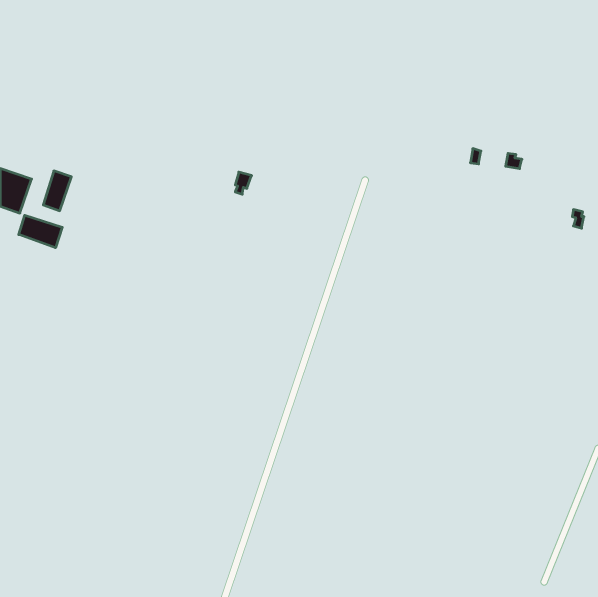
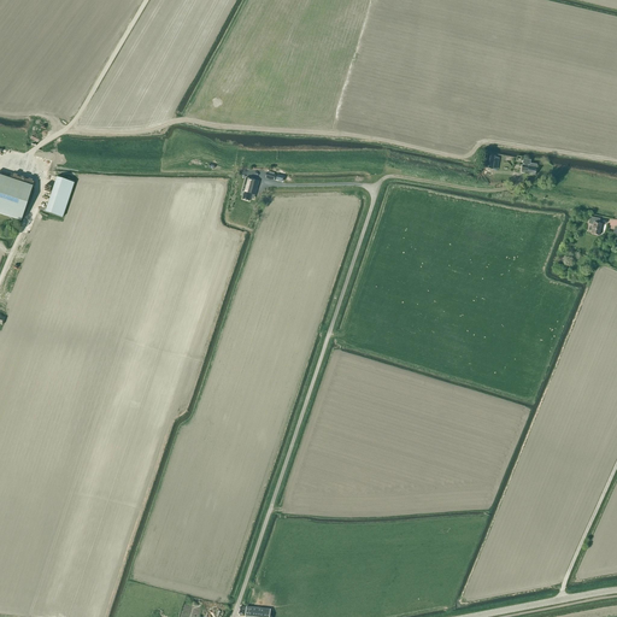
building: [19,215,62,248] -> none

